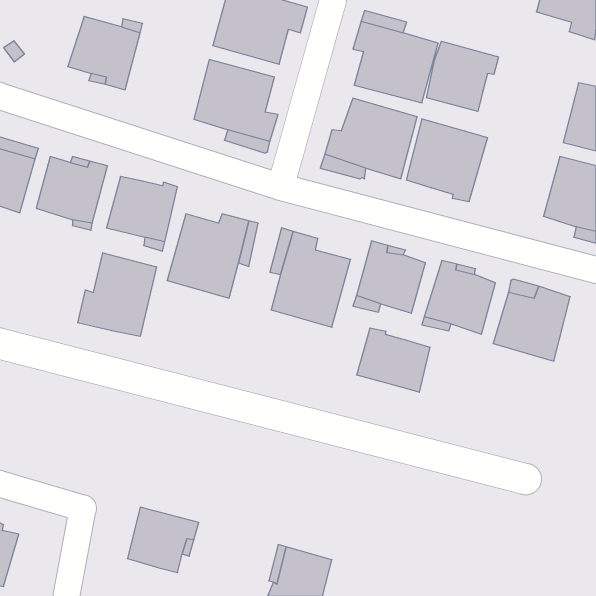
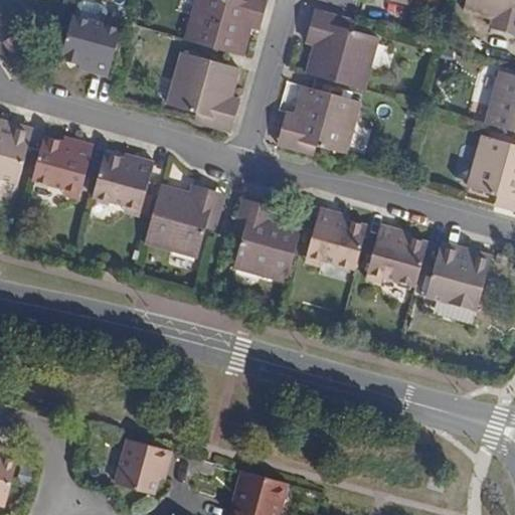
building: [426,41,499,111] -> none
building: [406,119,488,202] -> none
building: [78,253,157,336] -> none
building: [357,328,430,392] -> none

